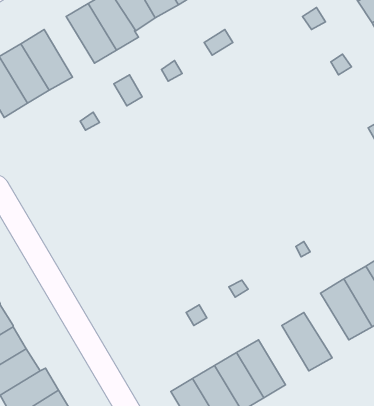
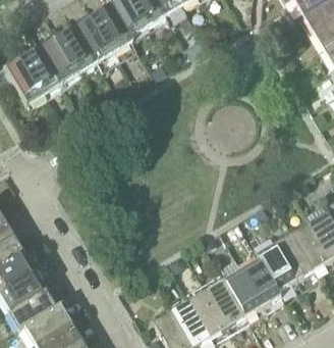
building: none -> [56,24,96,72]
building: none -> [258,243,296,289]
building: none -> [225,268,265,315]

